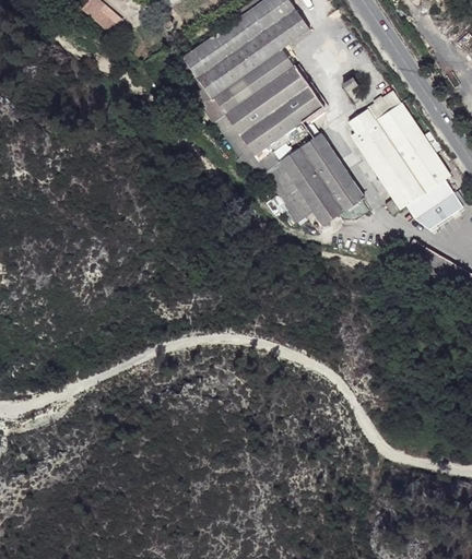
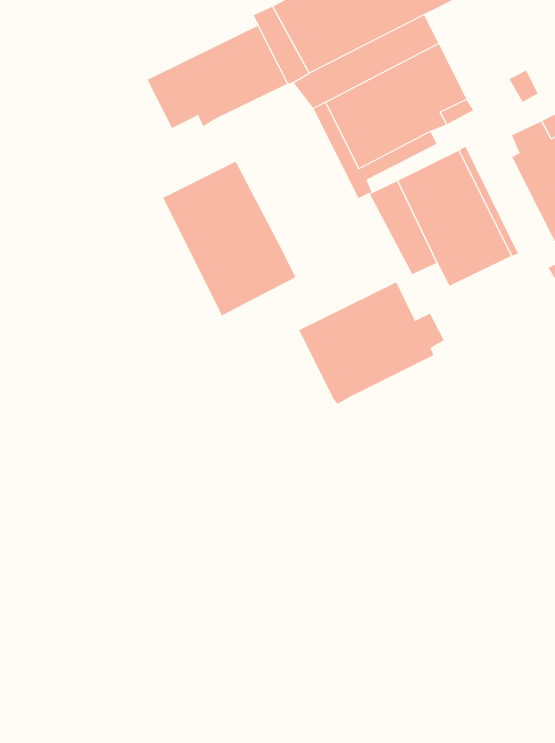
building: none -> [147,25,288,129]
building: none -> [162,161,296,316]
building: none -> [298,281,445,405]

